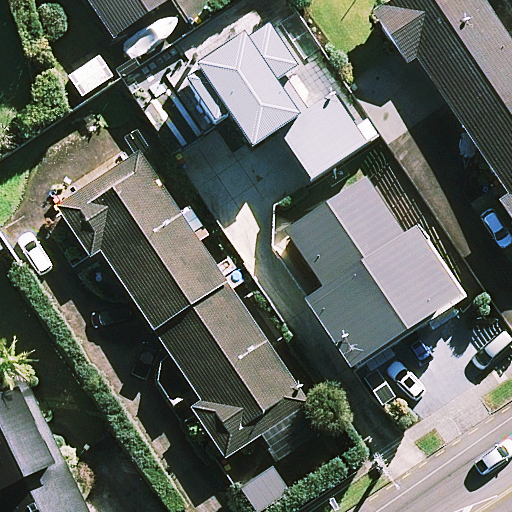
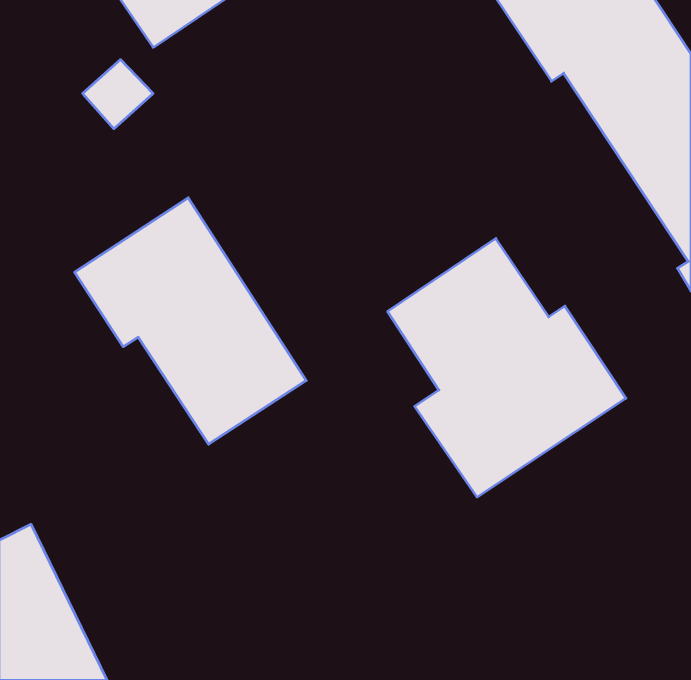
building: [184,18,371,178] -> none
building: [154,281,305,455] -> none

